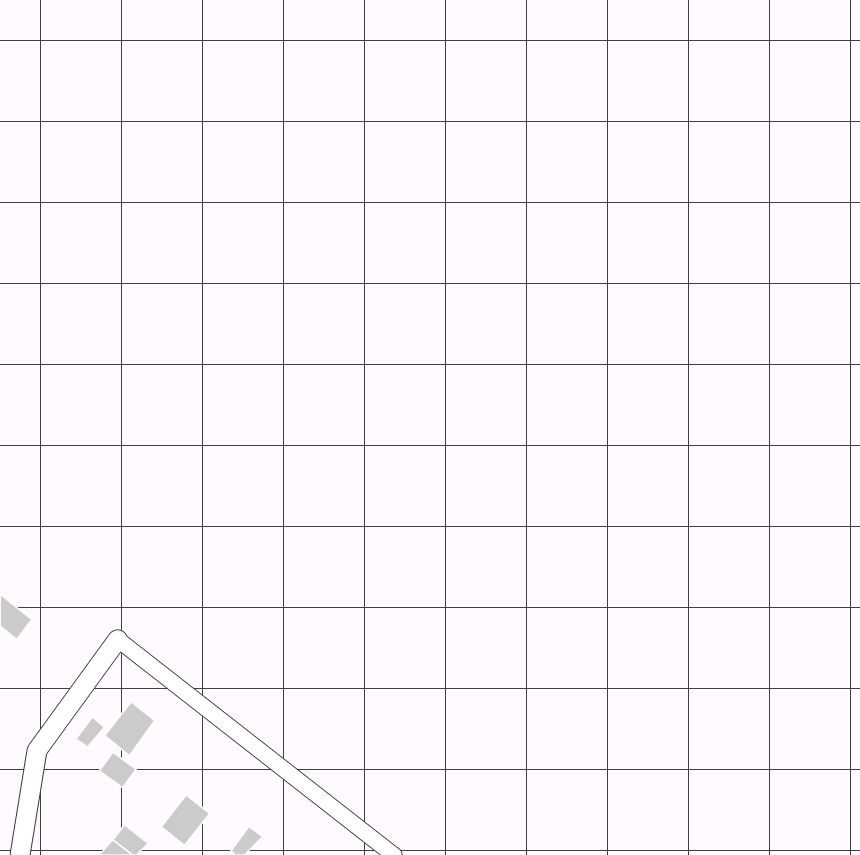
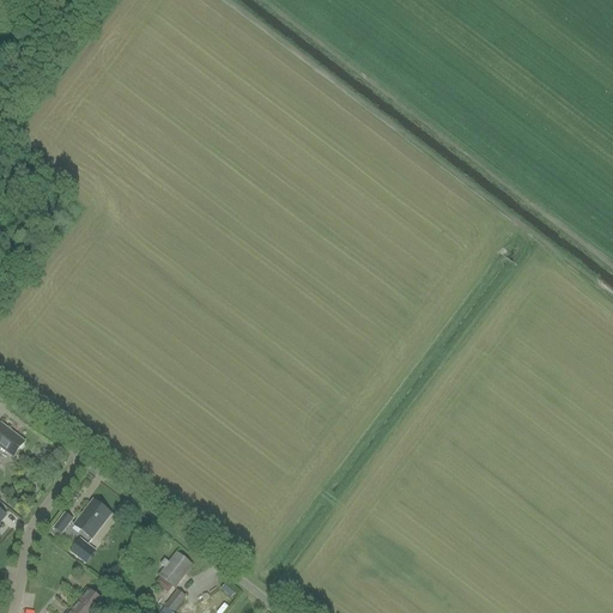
building: [161,795,210,845] -> [157,551,192,587]

